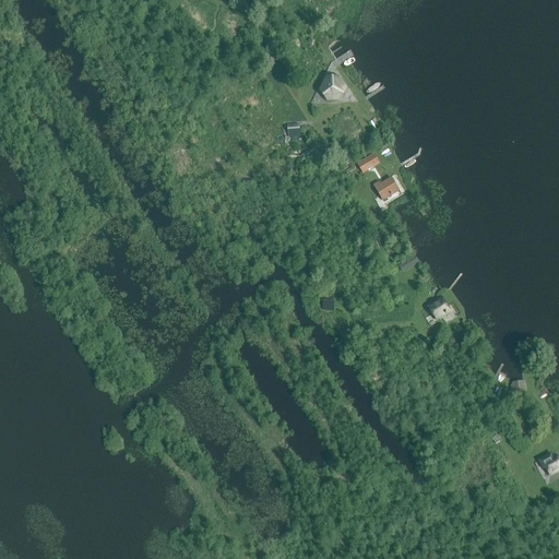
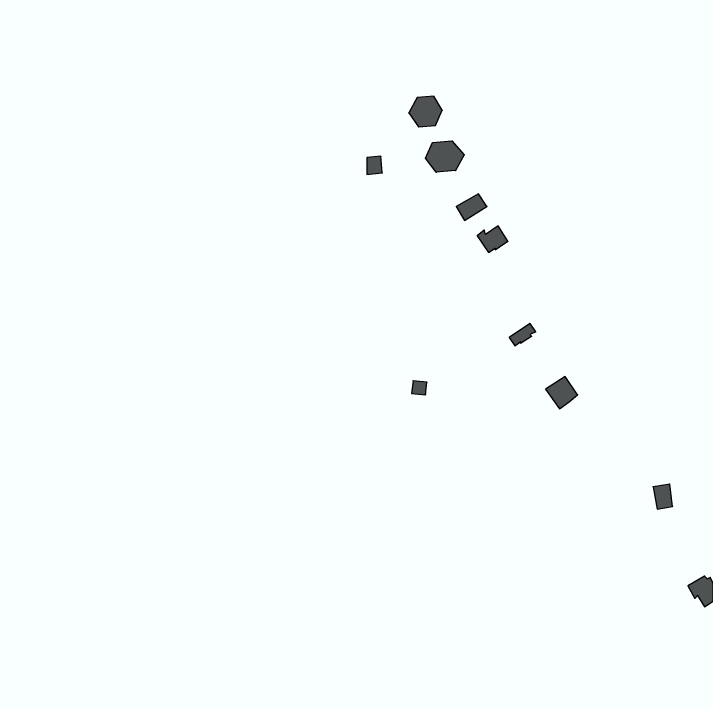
building: none -> [426,141,464,172]

